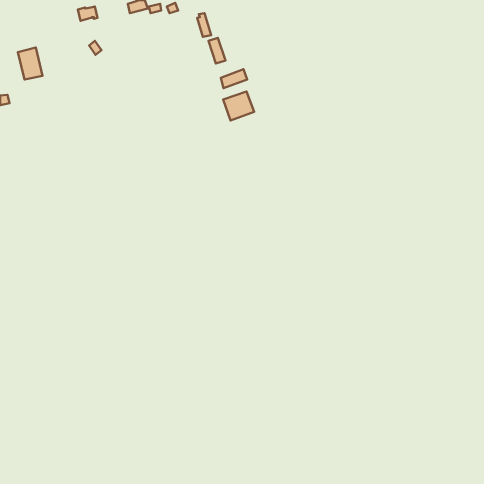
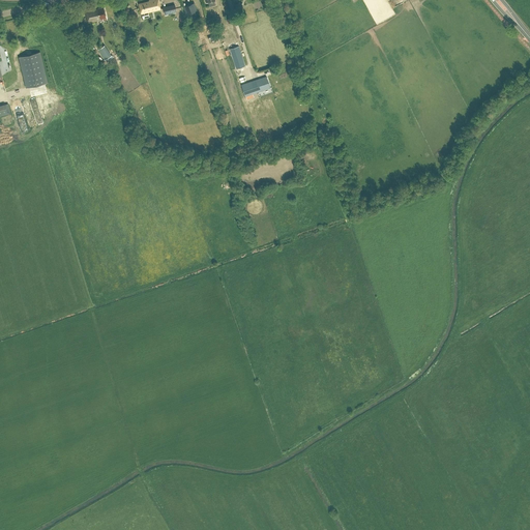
building: [223,91,254,121] -> none

